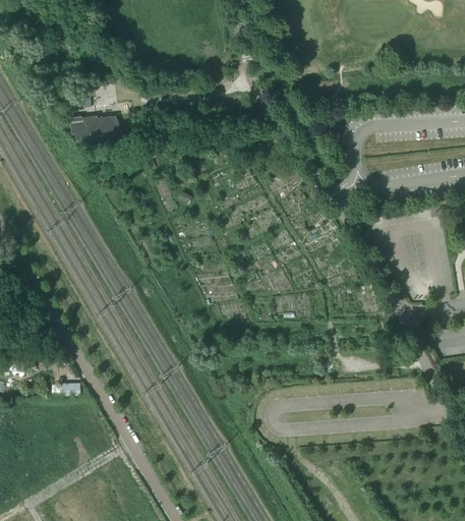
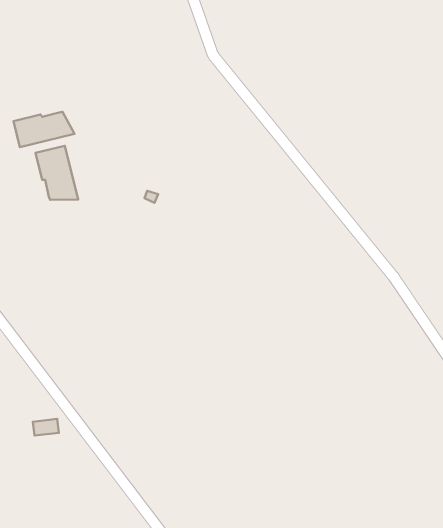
building: none -> [36,146,78,200]

